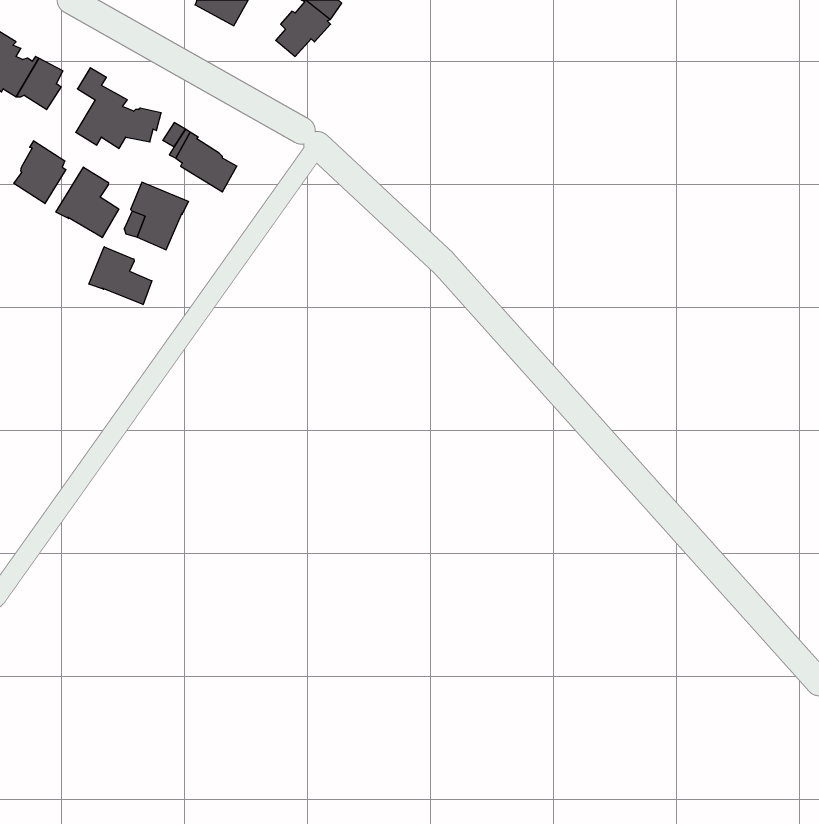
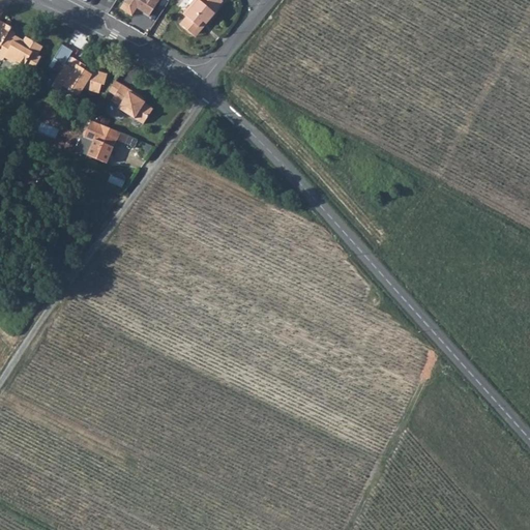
building: [14,141,66,204] -> none
building: [56,167,119,238] -> none
building: [89,247,152,305] -> none

